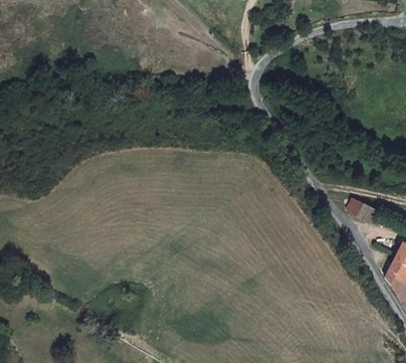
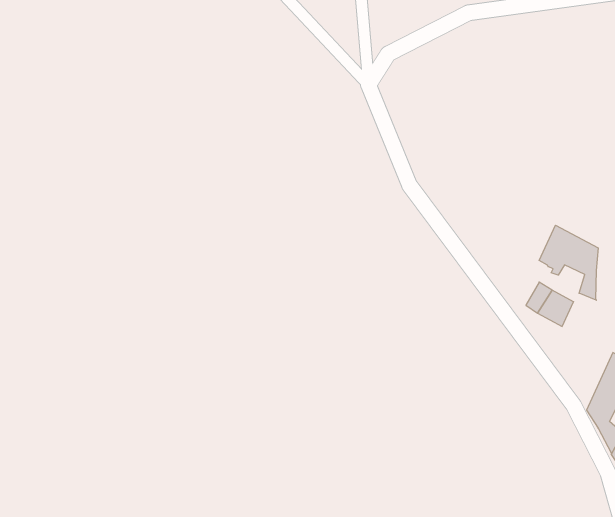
building: none -> [539,225,598,300]

